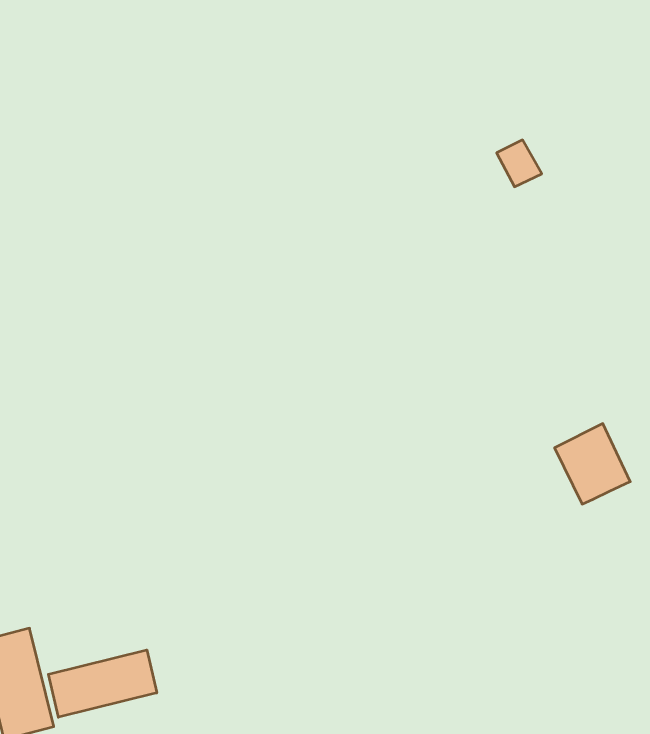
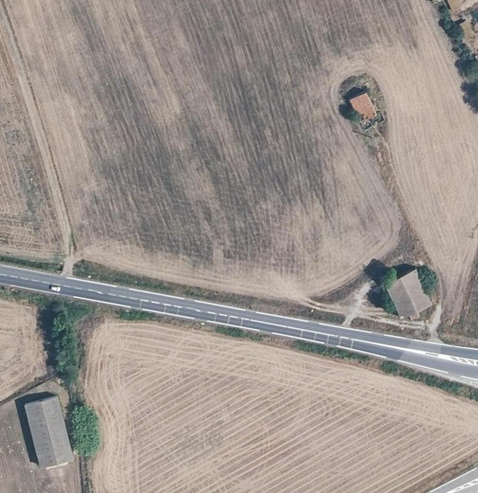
building: [48,650,157,717] -> none

